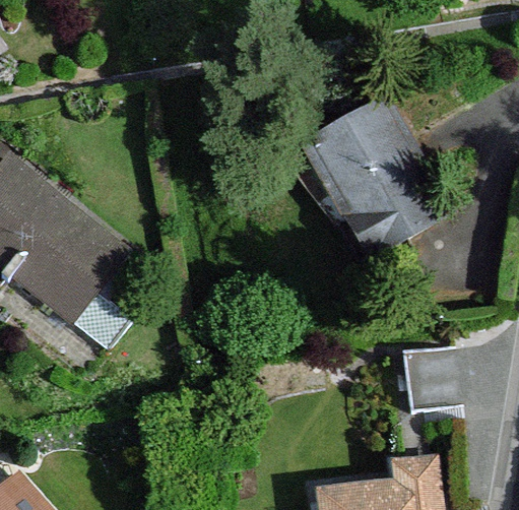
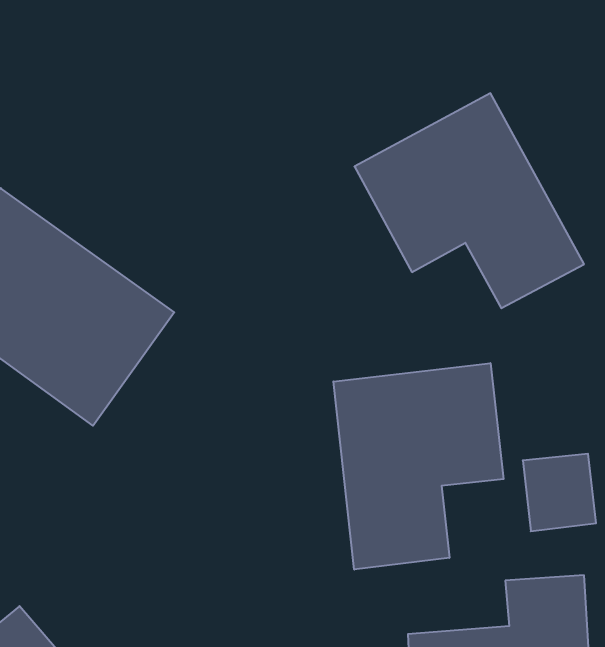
building: none -> [333,363,504,570]

